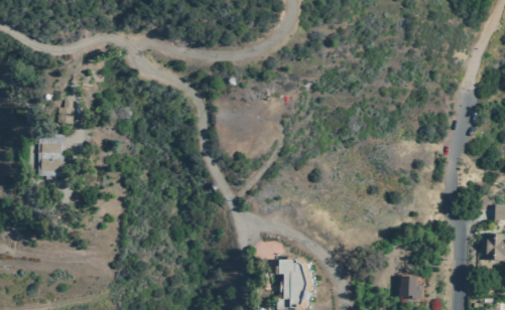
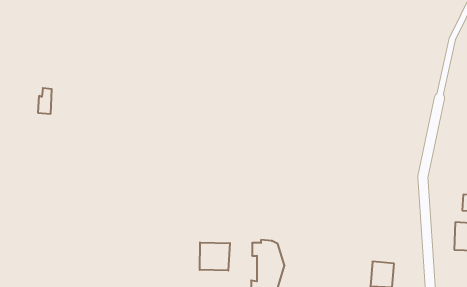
building: [38,133,65,176] -> none
building: none -> [200,242,230,271]

